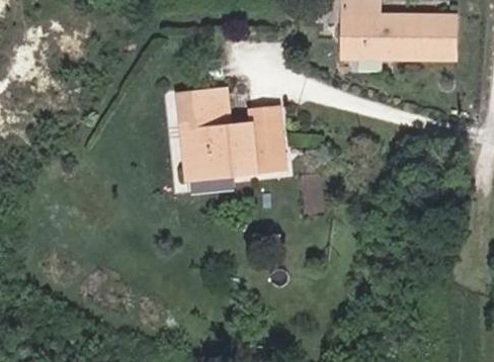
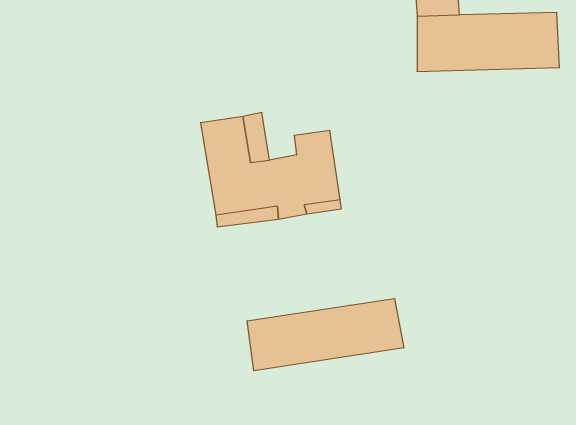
building: none -> [247,298,404,371]

